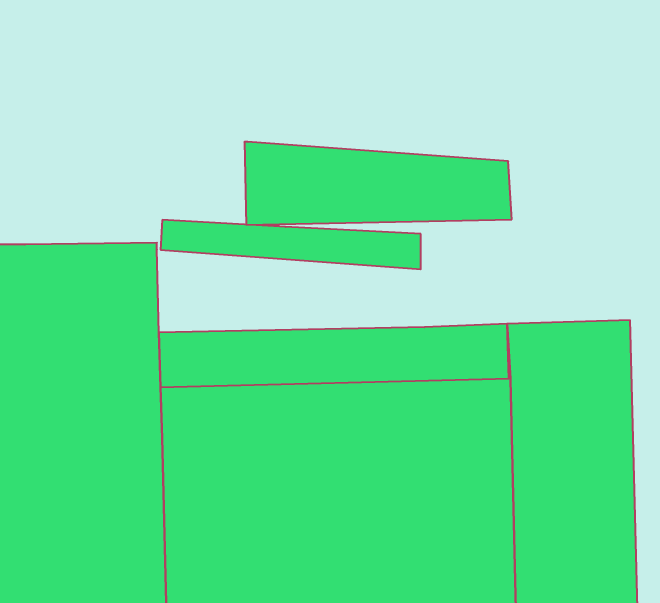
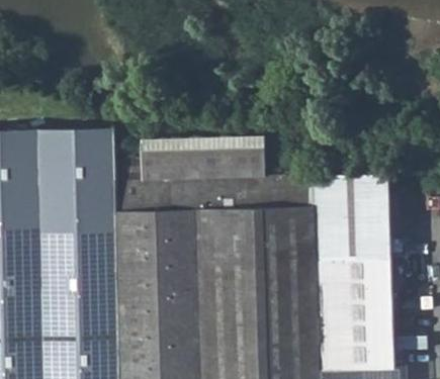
building: [244,142,512,225] -> [113,145,267,192]

